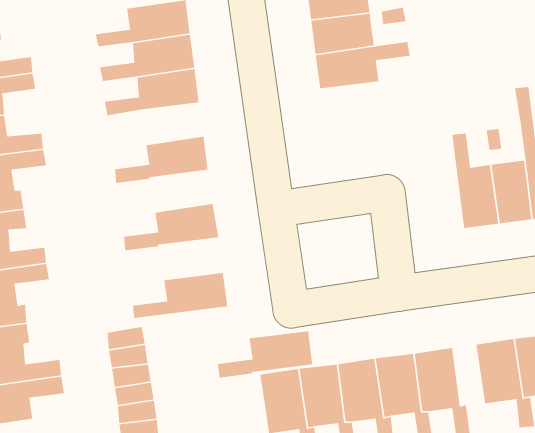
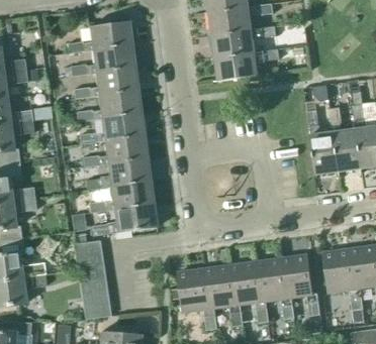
building: none -> [78,90,142,121]
building: none -> [84,135,148,166]
building: [217,330,313,378] -> [90,181,155,213]

